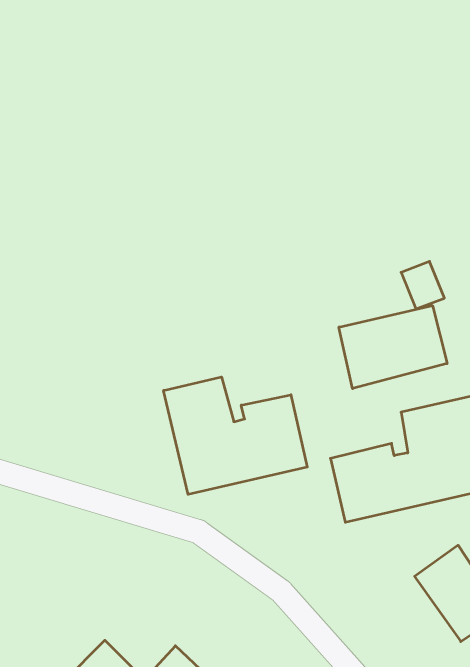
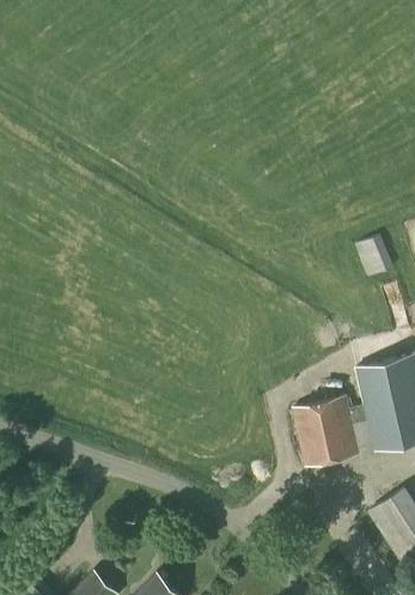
building: [339,306,447,389] -> none
building: [164,377,307,494] -> none

